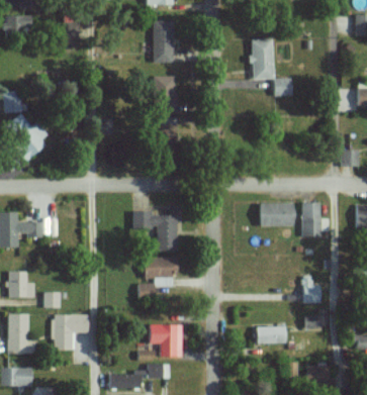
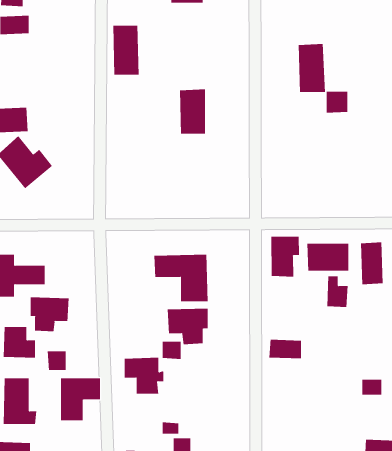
building: [152,21,174,63] -> [112,25,139,75]
building: none -> [271,236,299,278]
building: none -> [30,297,69,332]
building: [301,277,319,303] -> [326,276,348,308]
building: [156,326,189,357] -> [124,357,164,394]
building: [257,326,284,342] -> [269,339,302,359]

